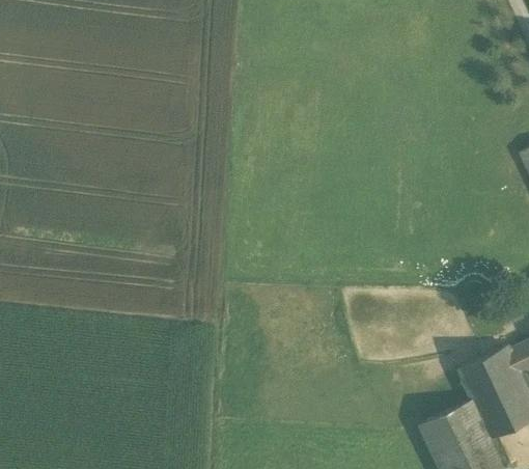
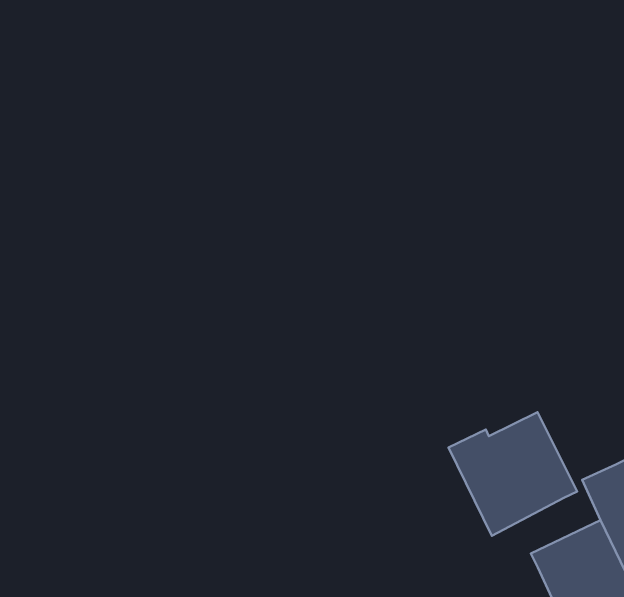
building: none -> [448,412,577,536]

